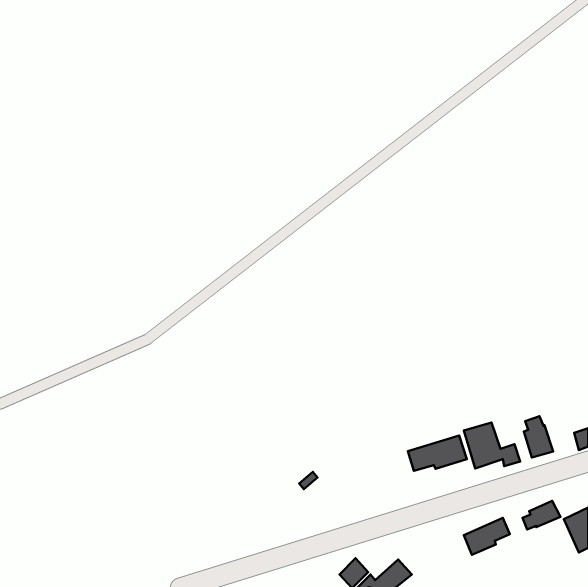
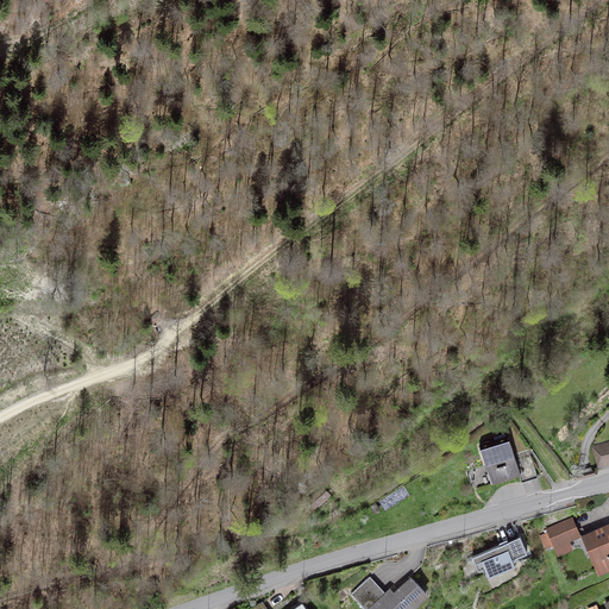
building: [524,416,553,457] -> none
building: [408,435,467,471] -> none

